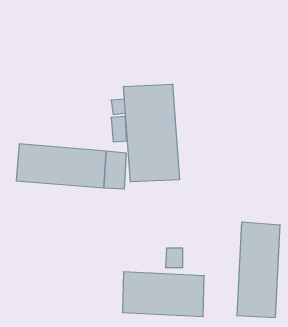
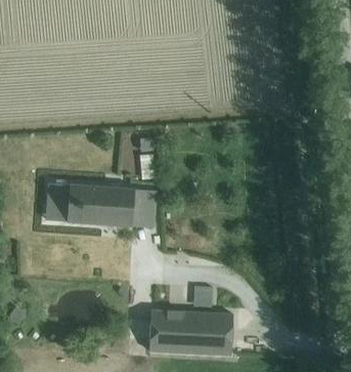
building: [124,84,179,182] -> none
building: [237,222,280,318] -> none

